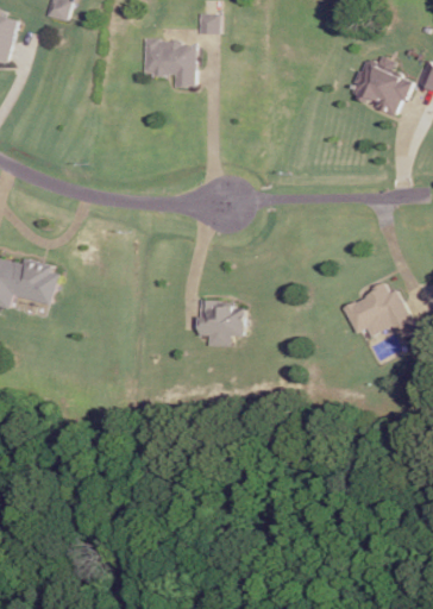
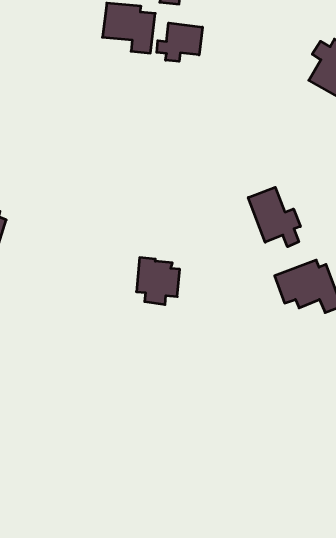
building: none -> [157,23,202,61]
building: none -> [248,187,300,247]

